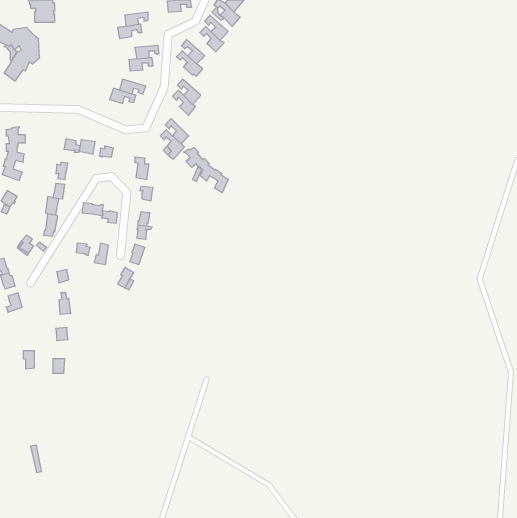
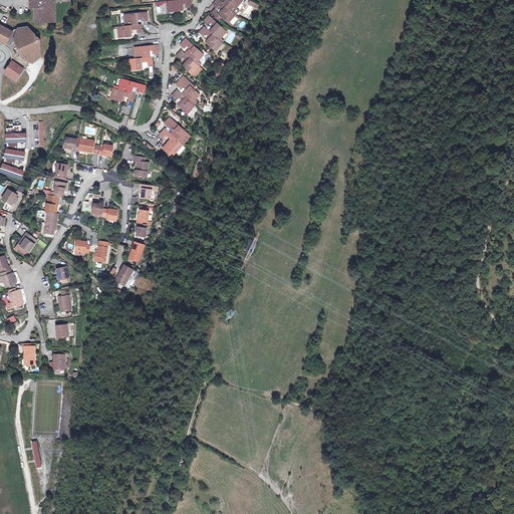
building: [184,147,228,193] -> none

